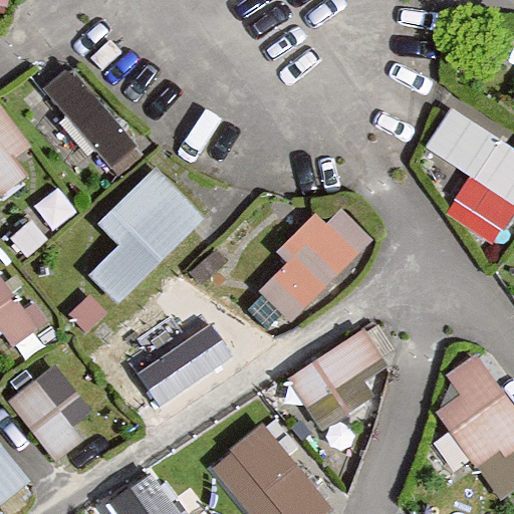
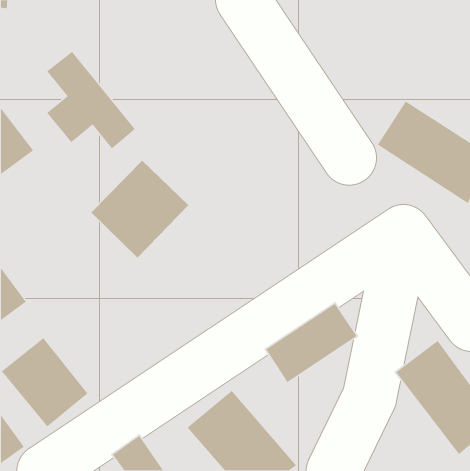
building: [253,210,363,326] -> none
building: [139,322,236,406] -> none

